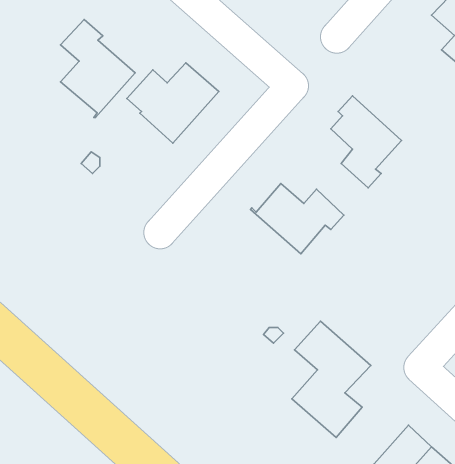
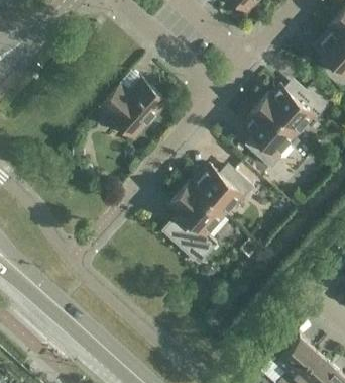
building: [61,19,135,118] -> none
building: none -> [260,86,325,134]
building: [292,321,371,438] -> [168,183,224,265]

